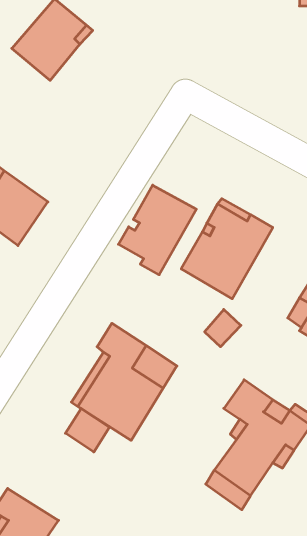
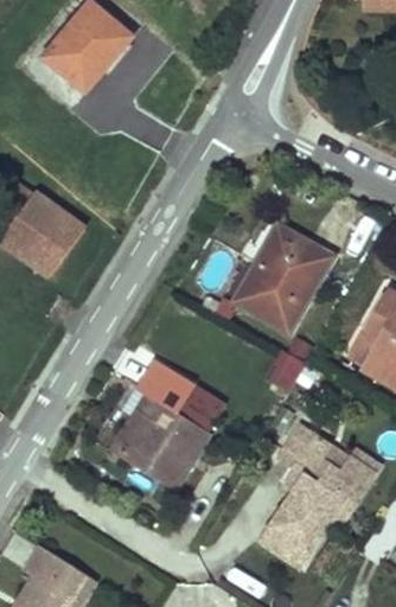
building: [118,185,196,275] -> none
building: [65,408,110,452] -> none

